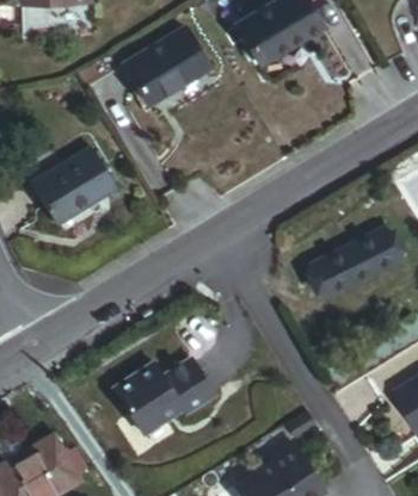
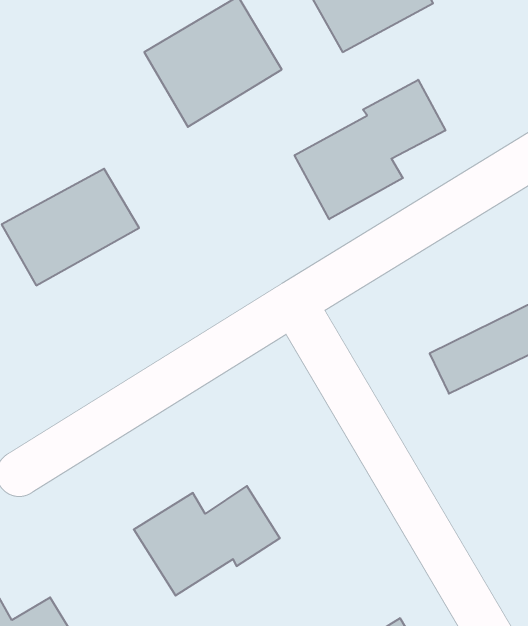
building: none -> [295,80,445,219]

